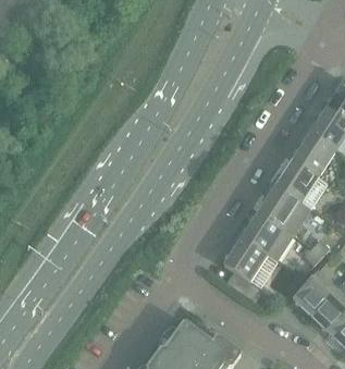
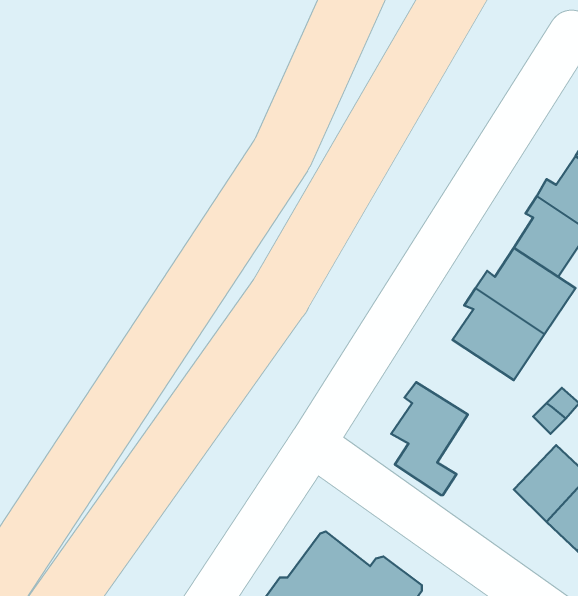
building: [237,211,293,260] -> none

